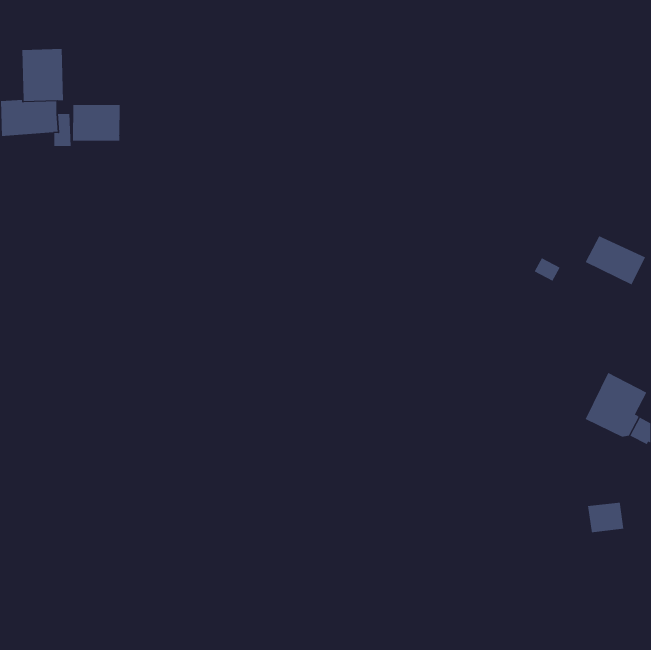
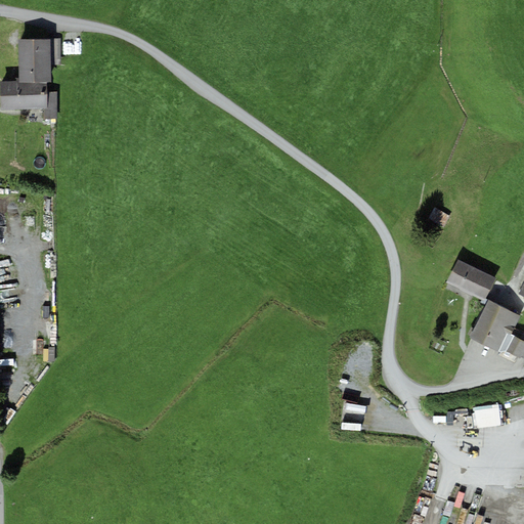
building: [73,104,120,141] -> none
building: [585,235,646,285] -> [447,260,496,300]

